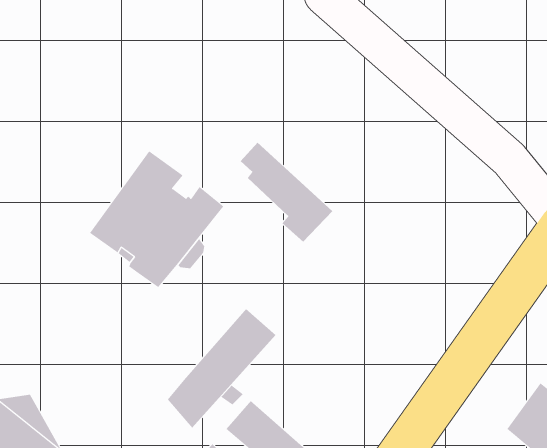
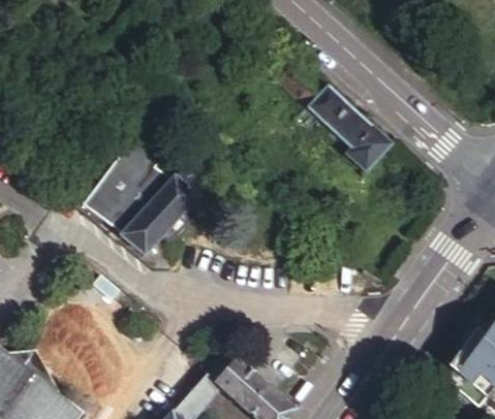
building: [240,142,333,242] -> [311,85,392,171]
building: [167,308,276,428] -> none

